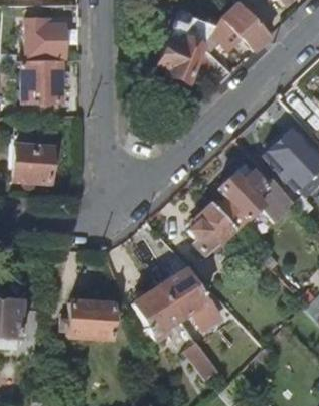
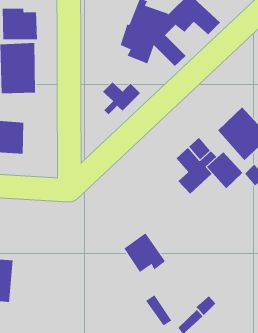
building: none -> [102,81,141,115]
building: [190,202,235,254] -> none
building: [136,288,179,338] -> none
building: [67,301,112,341] -> none

